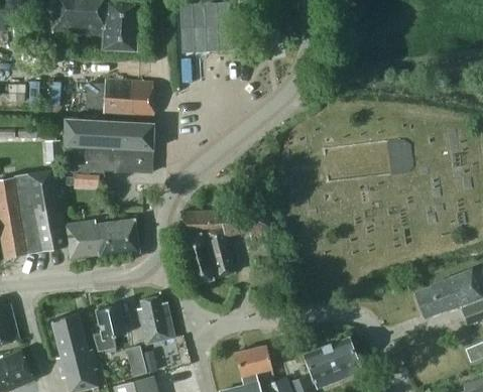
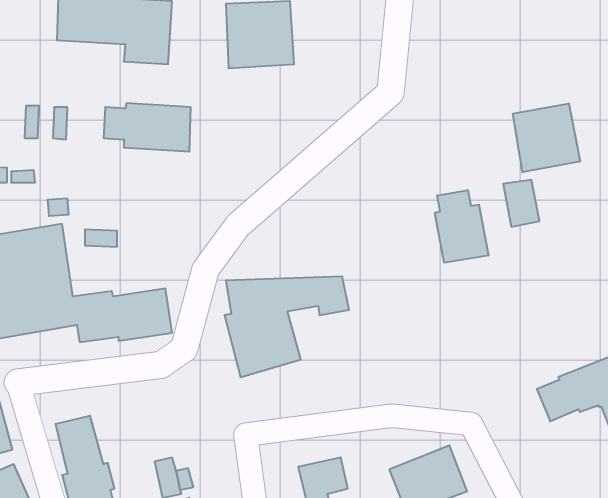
building: none -> [513,103,580,172]
building: [64,119,153,173] -> none
building: none -> [435,190,488,263]
building: [137,296,173,345] -> none
building: [95,305,125,352] -> none

